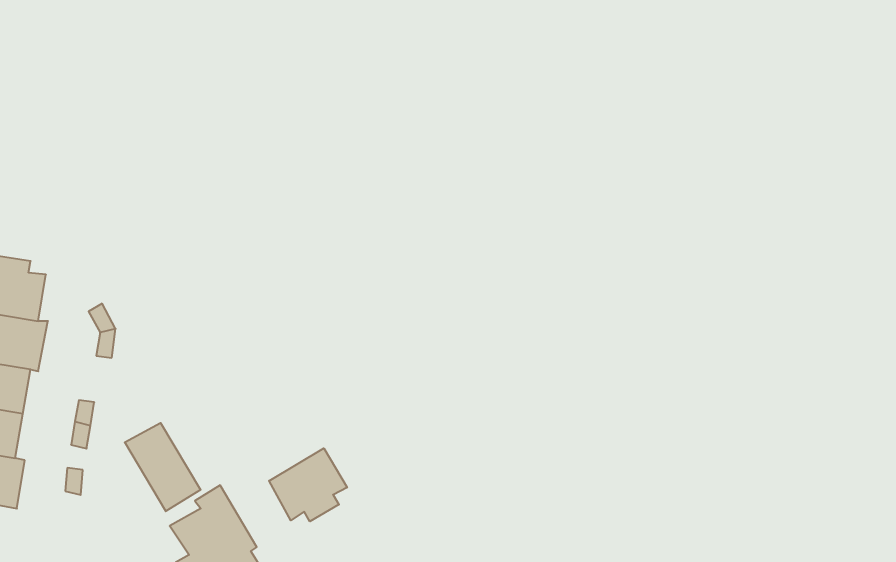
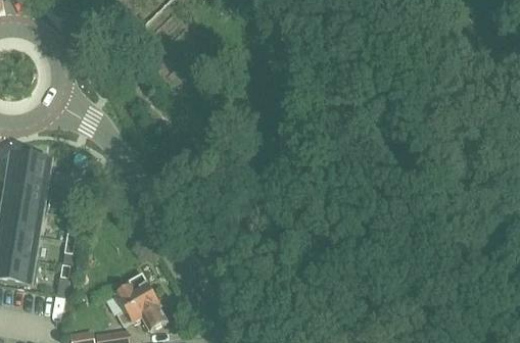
building: [125,423,201,511] -> none
building: [269,448,347,521] -> none

